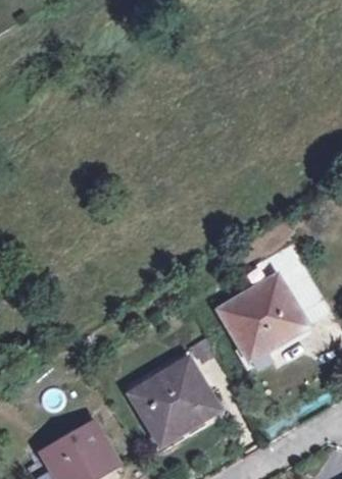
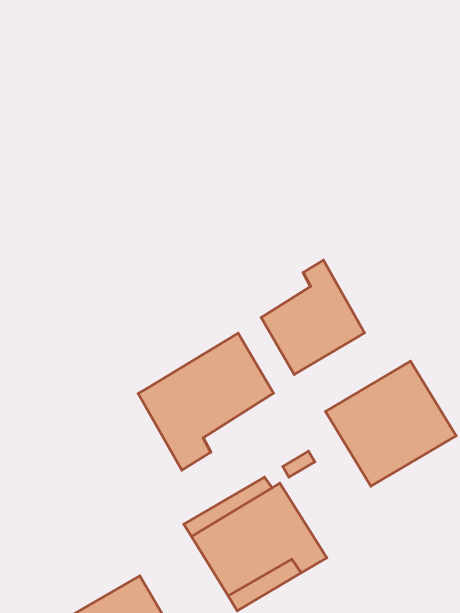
building: none -> [261,260,365,375]
building: none -> [138,333,273,470]

